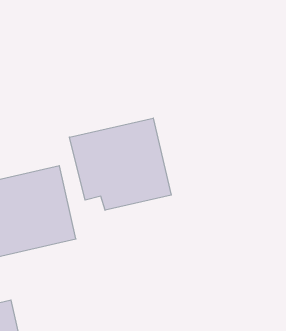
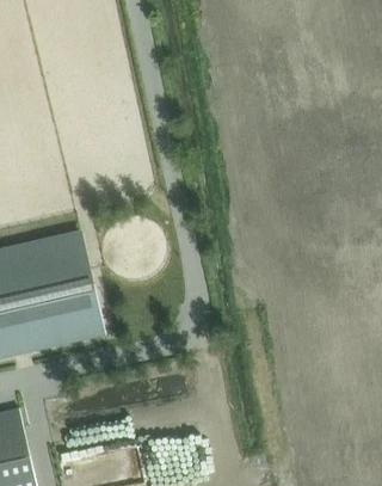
building: [69,118,171,210] -> none

